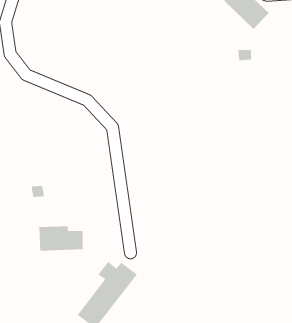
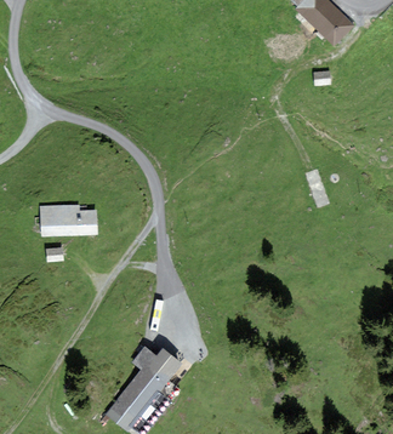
building: [38,226,84,251] -> [40,205,98,238]

